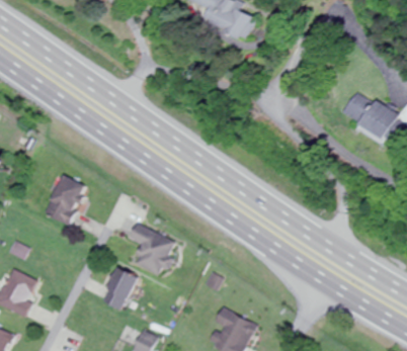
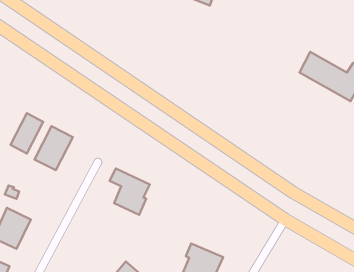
building: none -> [11,113,43,153]
building: [103,267,136,309] -> none

